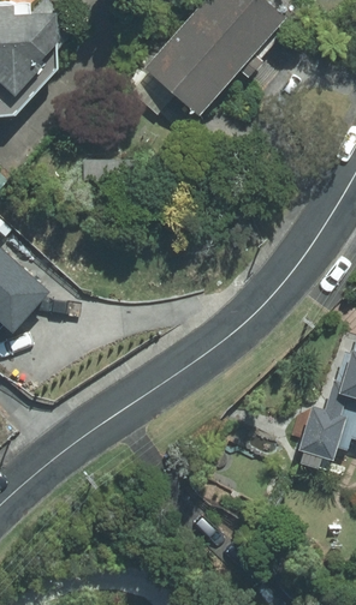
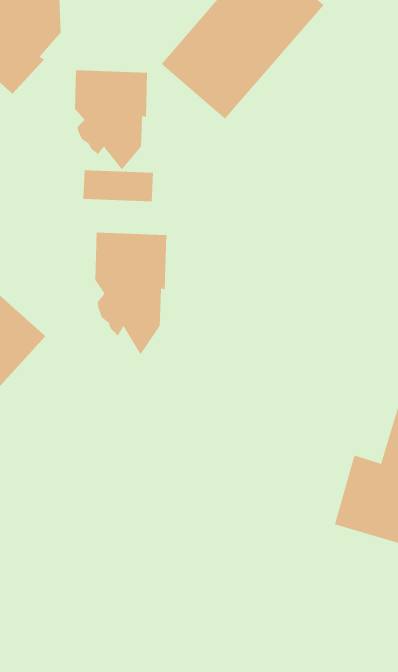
building: none -> [74,69,147,170]
building: none -> [95,232,167,355]

